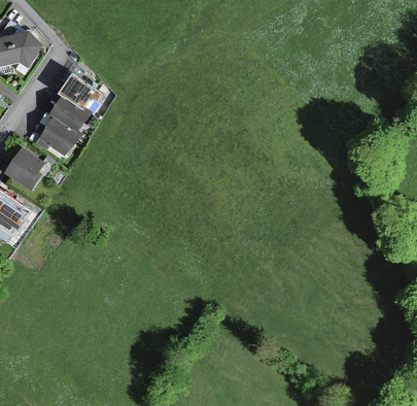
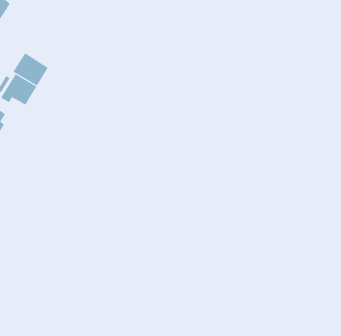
building: [58,73,100,115] -> none

